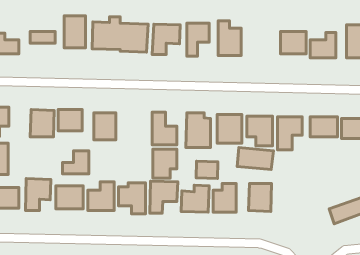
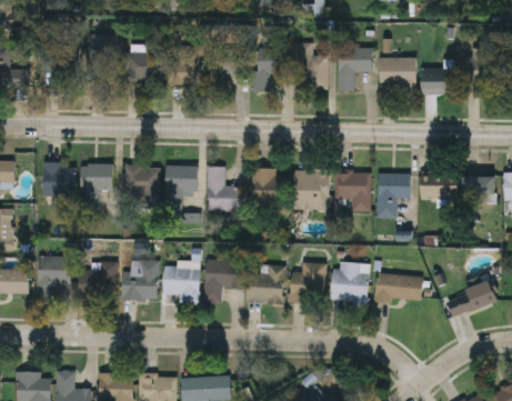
building: none -> [339,48,372,90]
building: [237,147,273,170] -> [374,273,423,303]
building: [153,149,177,178] -> [165,166,198,204]
building: [62,151,89,174] -> none
building: [196,161,218,179] -> none

